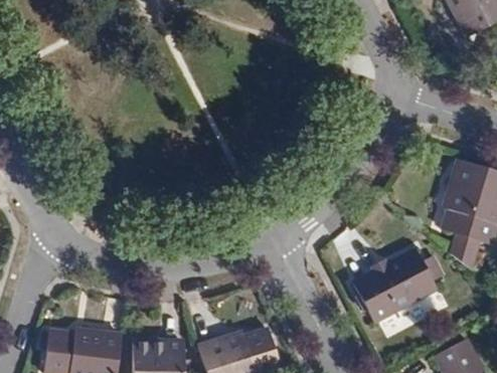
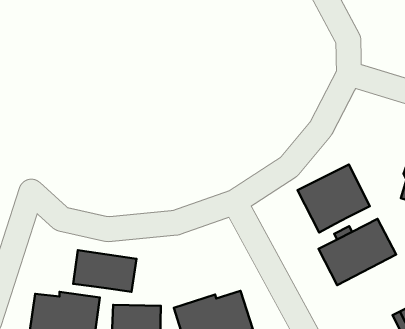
building: none -> [297,165,370,232]
building: none -> [73,250,136,292]

